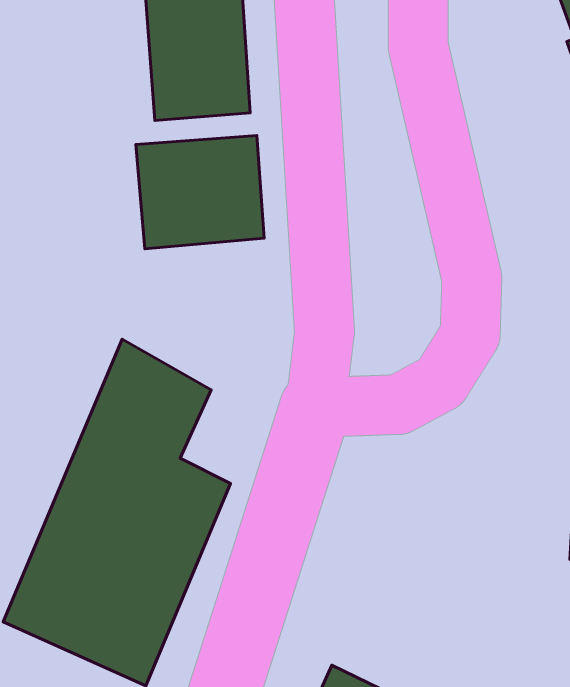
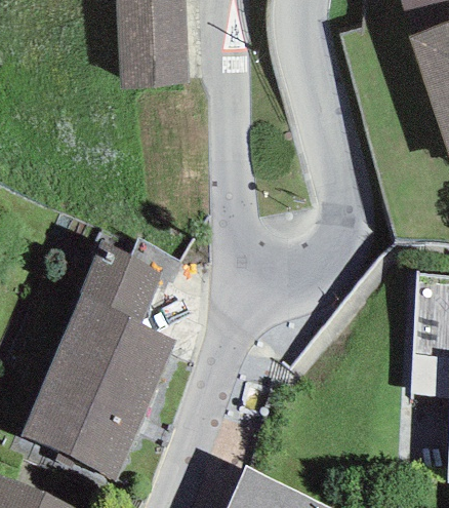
building: [136,136,264,249] -> none

